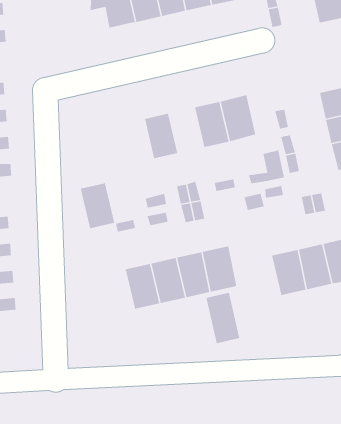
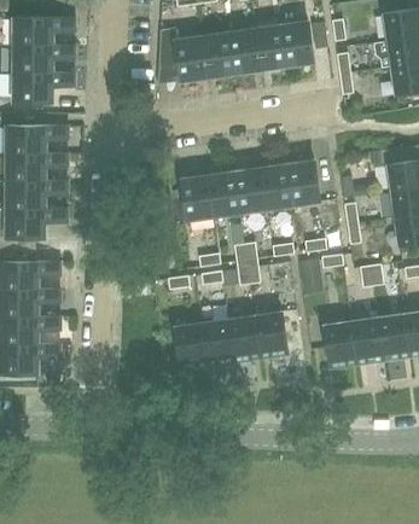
building: none -> [231,168,263,214]
building: [80,182,115,229] -> [179,175,211,221]
building: [206,292,240,344] -> none

